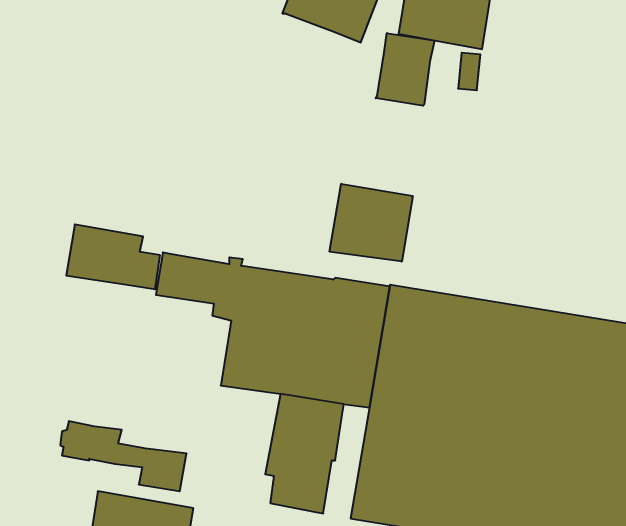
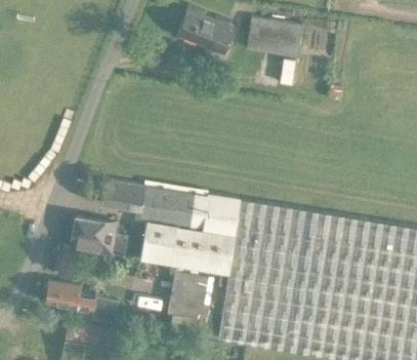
building: [376,33,434,106] -> none
building: [330,184,413,262] -> none
building: [66,224,160,289] -> [71,218,127,257]

